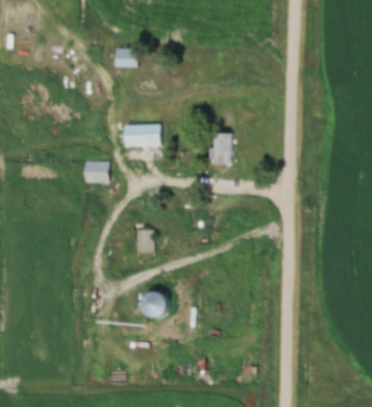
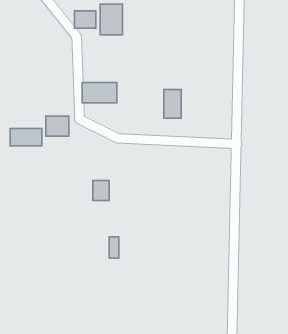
building: none -> [100,4,122,35]
building: none -> [10,128,42,146]

